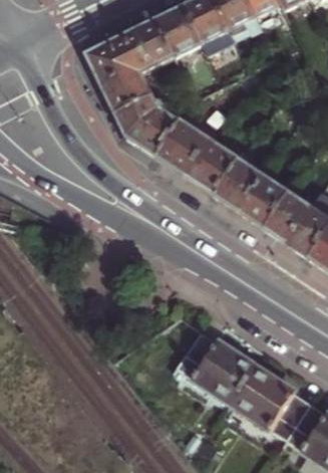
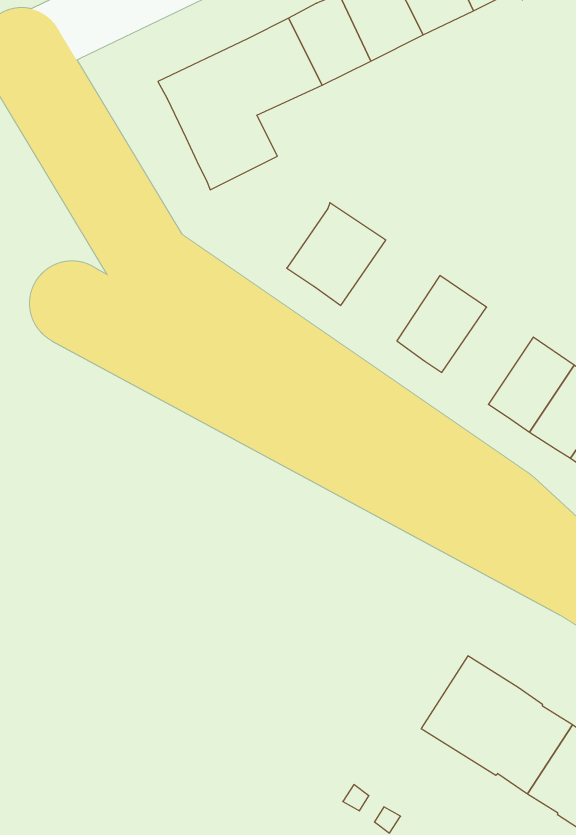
building: [115,93,179,154] -> none
building: [186,139,239,193] -> none
building: [240,175,289,227] -> none
building: [177,329,254,402] -> none

